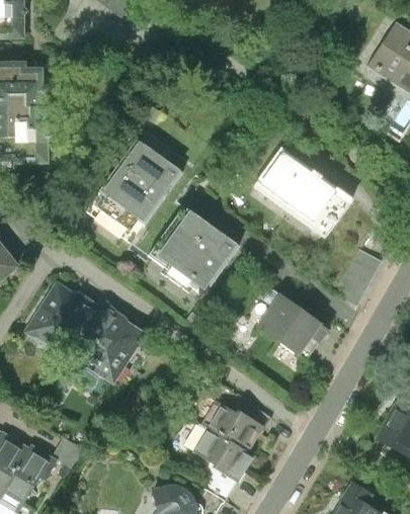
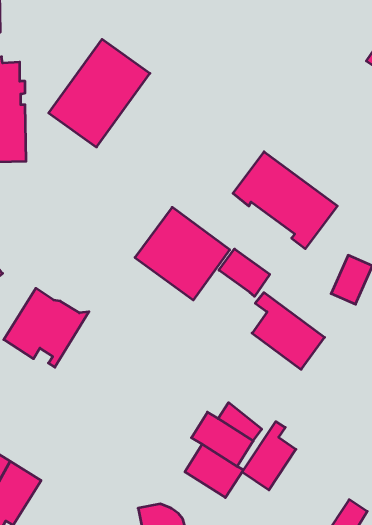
building: [87,138,183,240] -> [49,39,150,147]
building: none -> [219,249,270,296]
building: [74,304,145,381] -> none
building: none -> [242,422,296,490]

